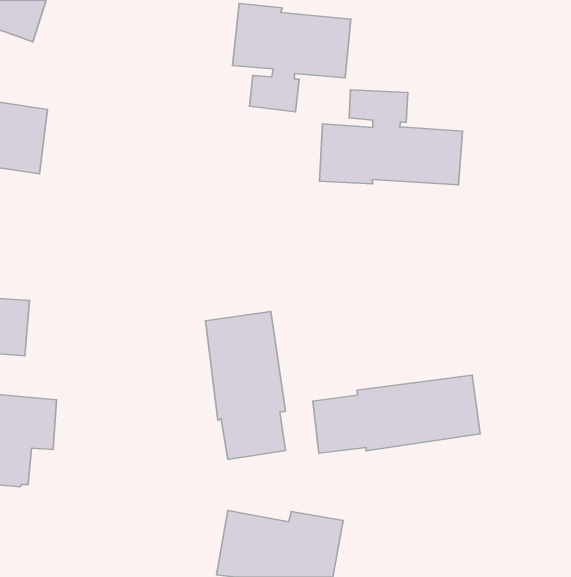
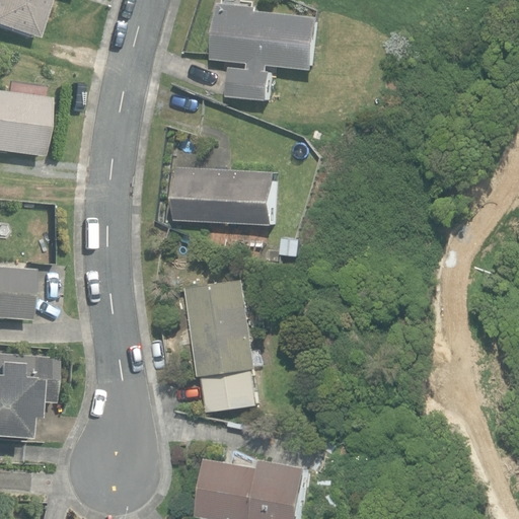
building: [320,90,462,185] -> none
building: none -> [173,167,273,225]
building: [313,375,480,453] -> none

